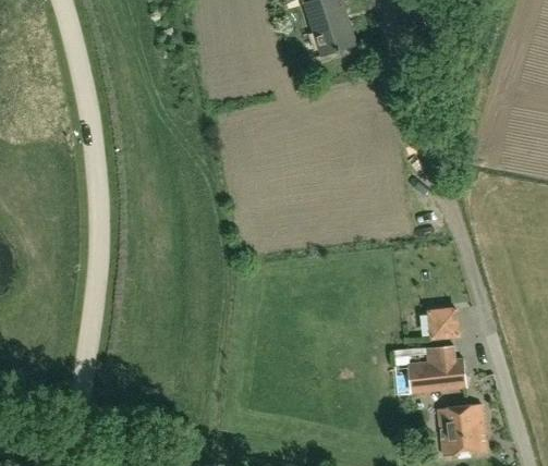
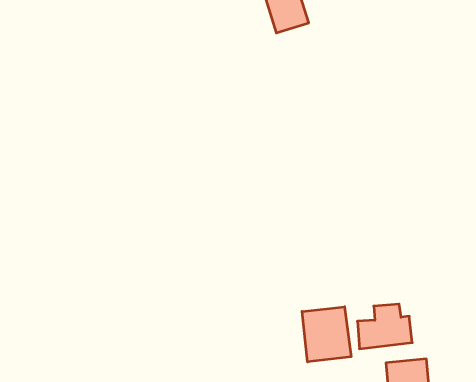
building: [428,308,456,338] -> none
building: none -> [302,307,351,362]

